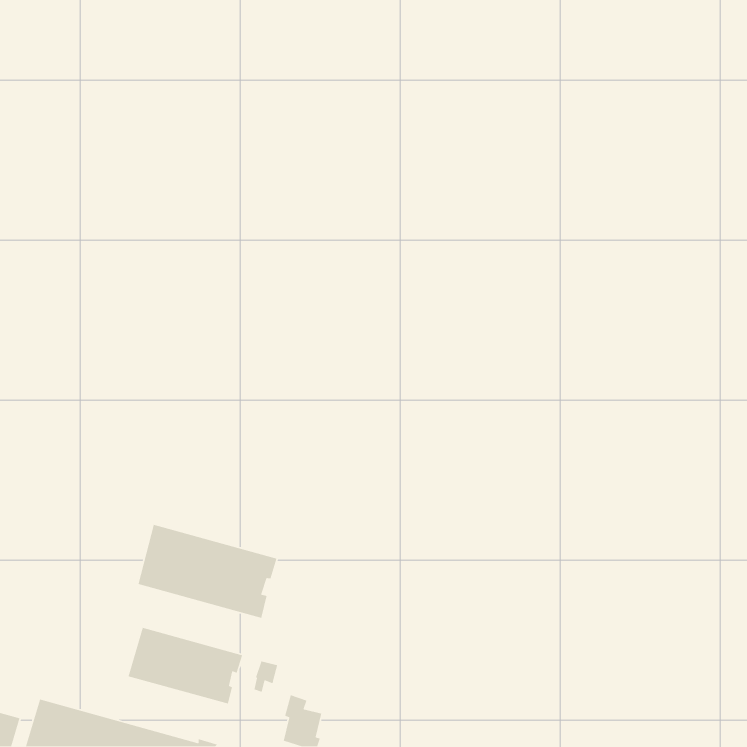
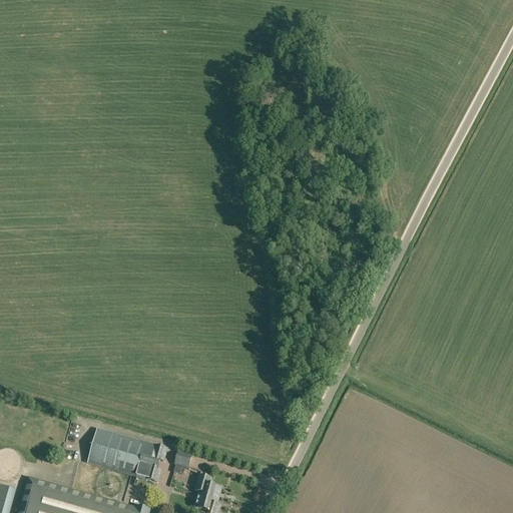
building: [138,524,277,619] -> none

